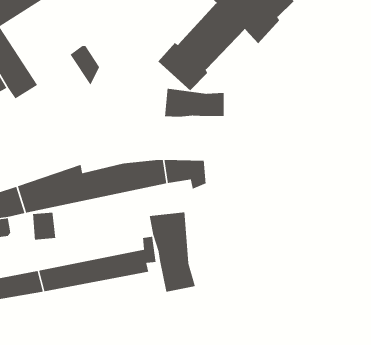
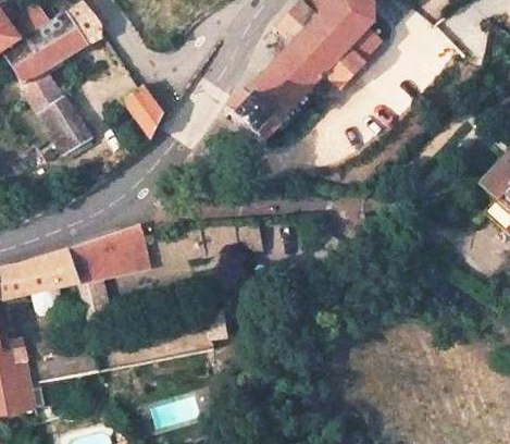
building: [164,88,225,117] -> none
building: [149,211,196,293] -> none

